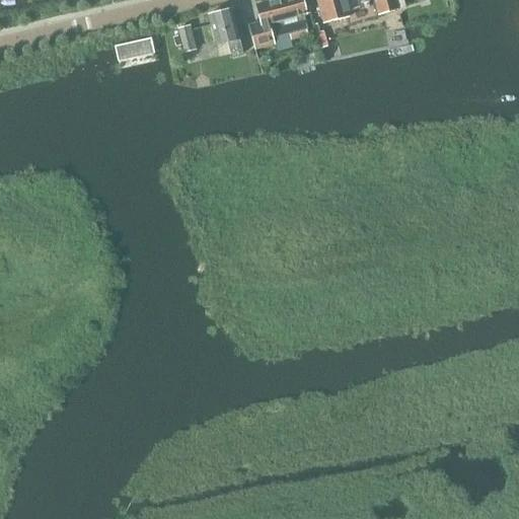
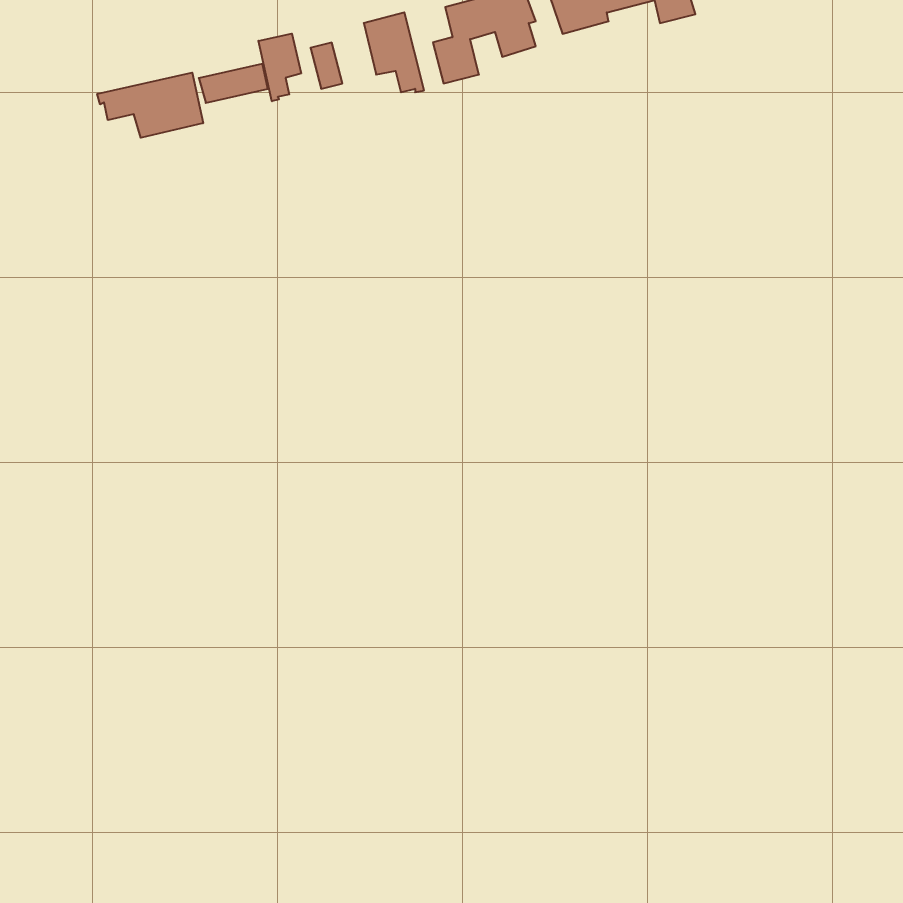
building: none -> [258,34,301,101]
building: none -> [97,73,203,138]

